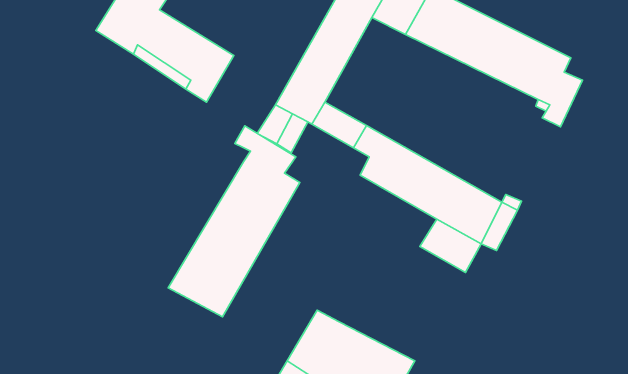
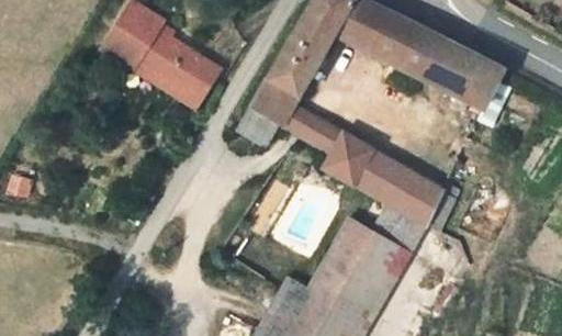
building: [168,126,300,317] -> none
building: none -> [288,217,411,324]

